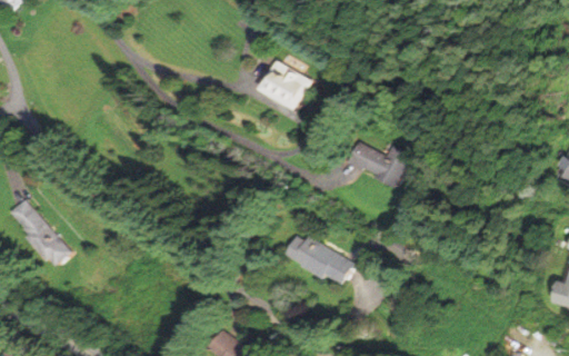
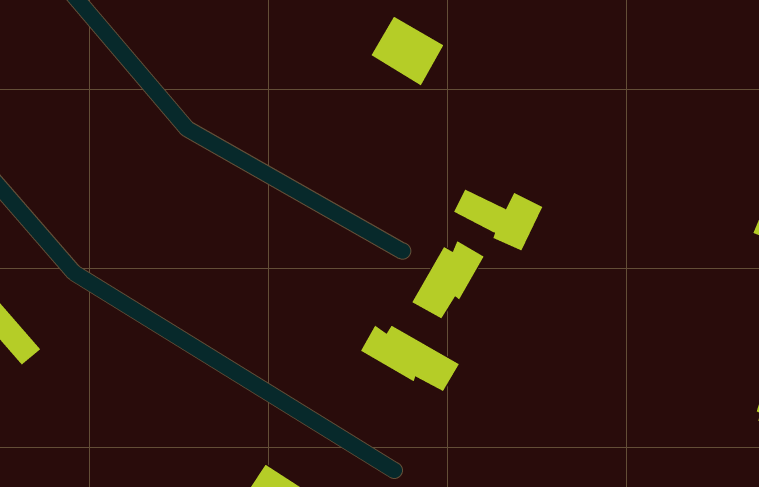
building: [260,61,310,109] -> [371,16,444,86]
building: none -> [412,240,484,319]

